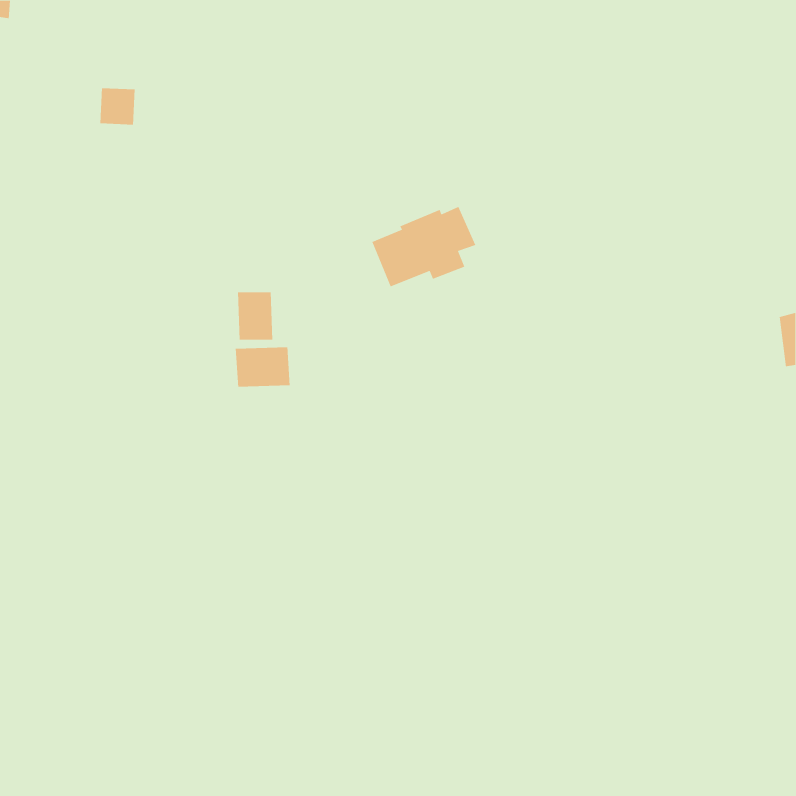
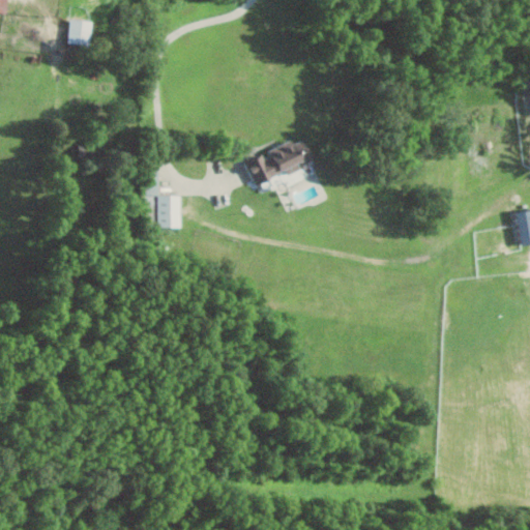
building: [100,88,135,125] -> [68,21,92,46]
building: [235,346,290,388] -> none

